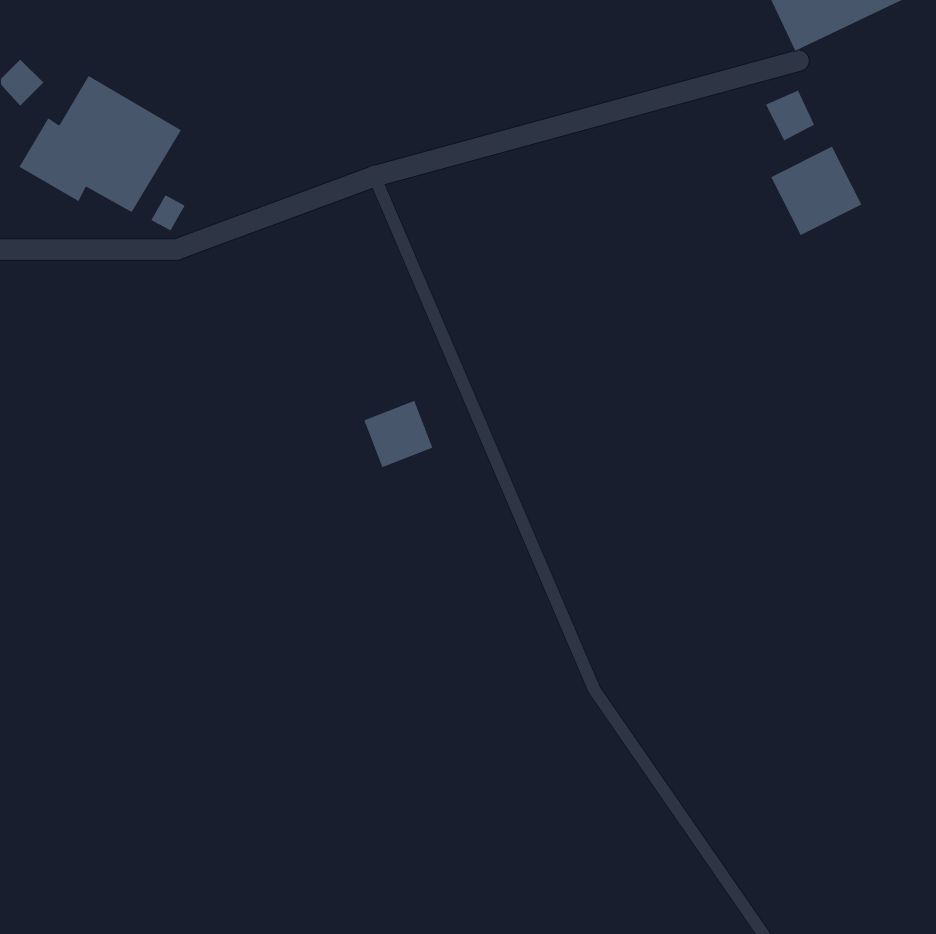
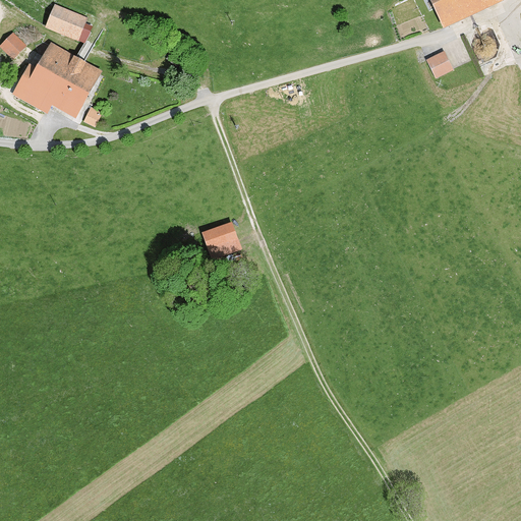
building: none -> [46,4,93,43]
building: [771,146,862,236] -> none

